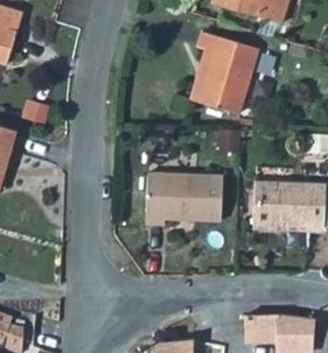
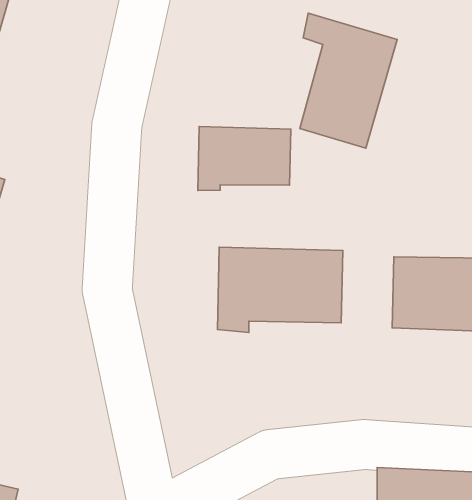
building: none -> [198,126,291,191]

